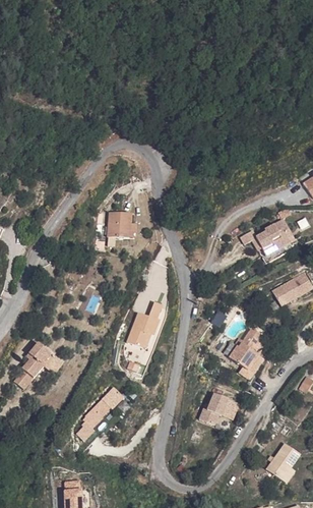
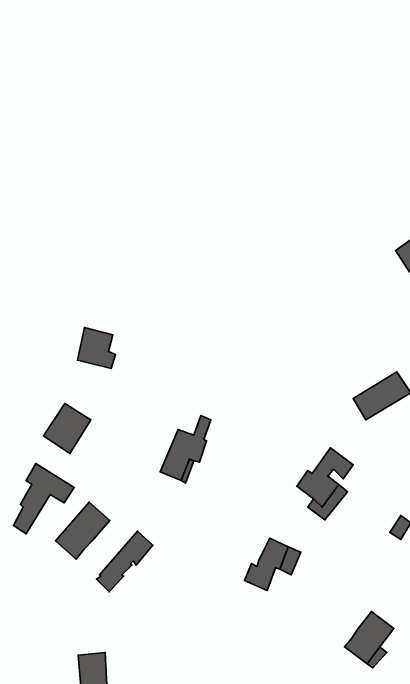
building: [102,211,129,240] -> [77,328,116,369]
building: [235,217,289,256] -> none
building: none -> [44,403,91,454]
building: none -> [55,502,110,559]

